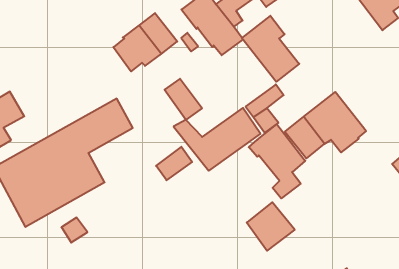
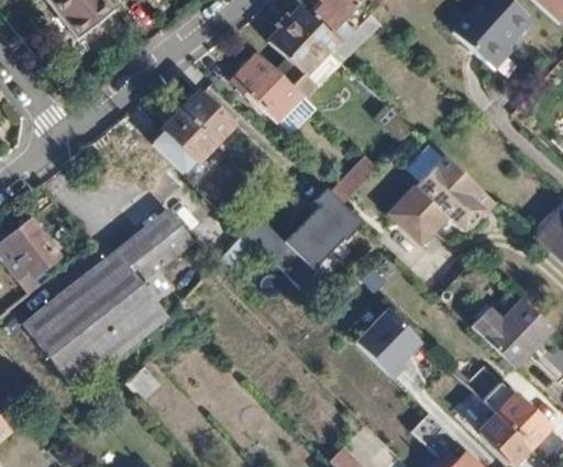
building: [242,16,299,82] -> none
building: [165,79,202,120] -> none
building: [249,124,305,198] -> none
building: [156,147,192,180] -> none
building: none -> [471,298,551,365]

